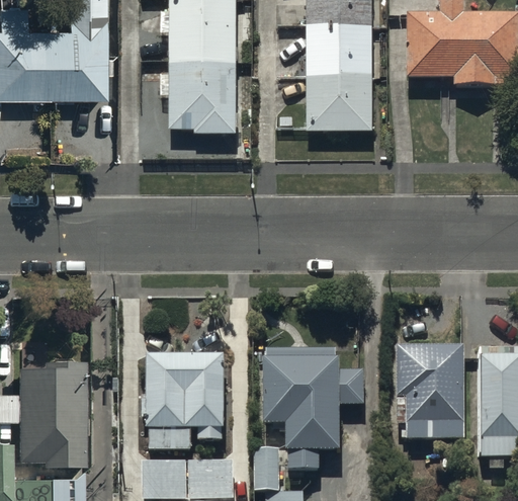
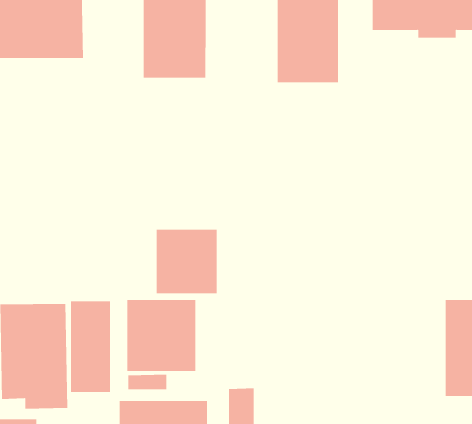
building: none -> [156,229,217,294]
building: [396,345,463,440] -> none
building: [264,347,366,470] -> none
building: none -> [71,301,111,393]

